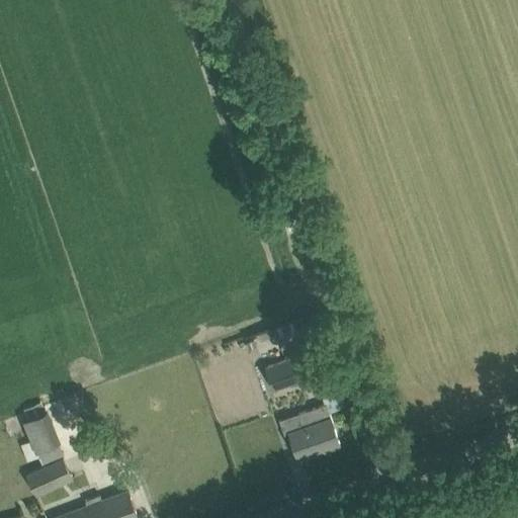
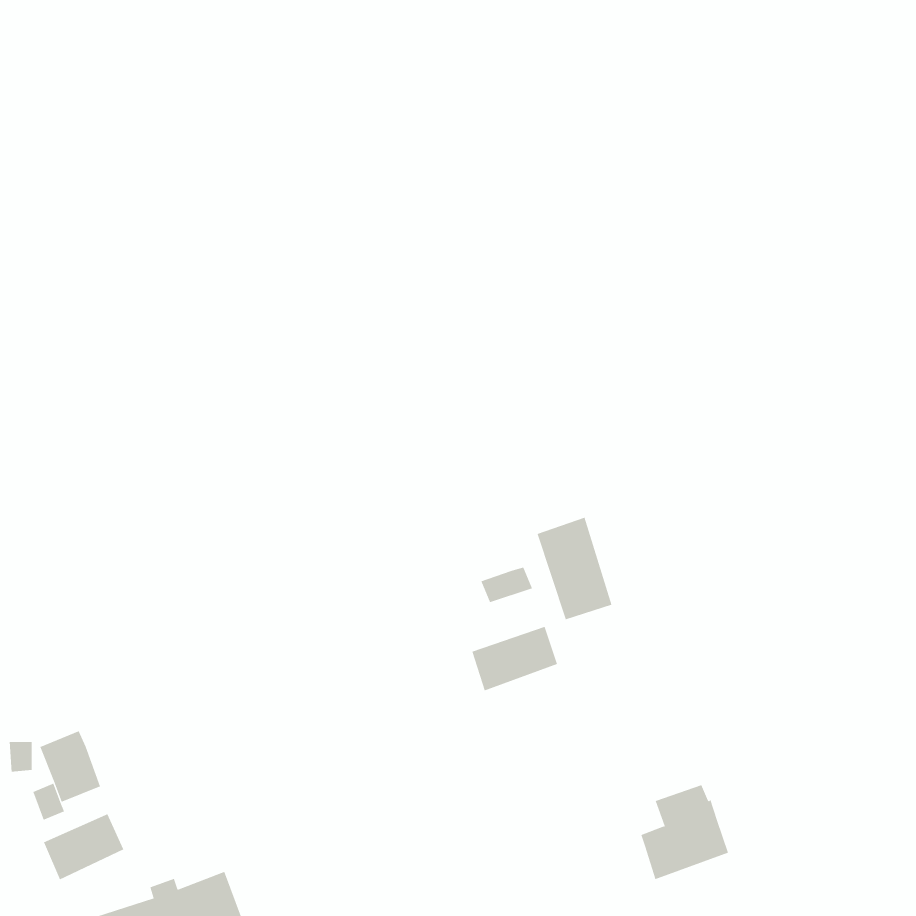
building: none -> [537,517,612,620]
building: [288,406,338,459] -> [641,785,729,880]

